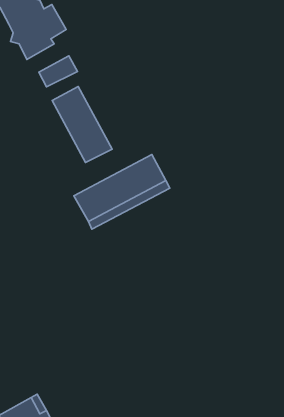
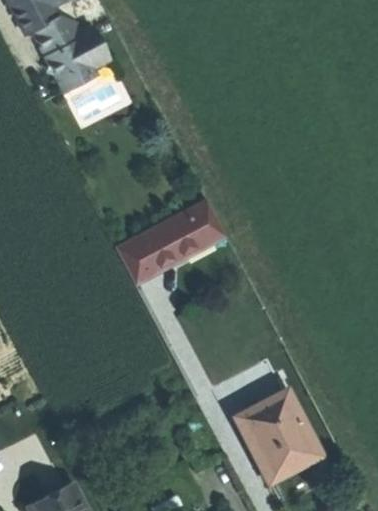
building: [52,87,112,163] -> none
building: none -> [236,387,319,476]

